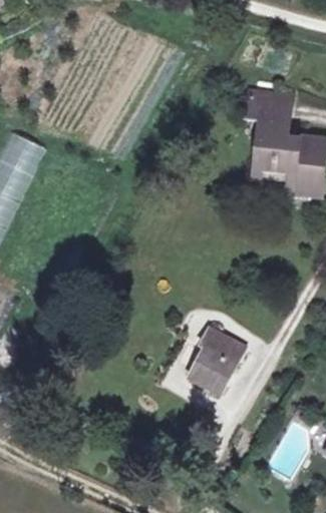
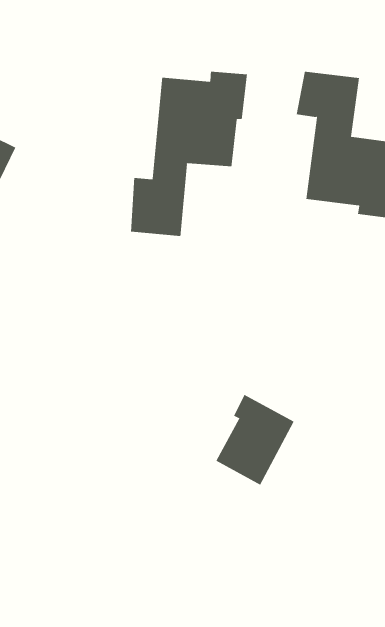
building: none -> [131,71,247,237]

